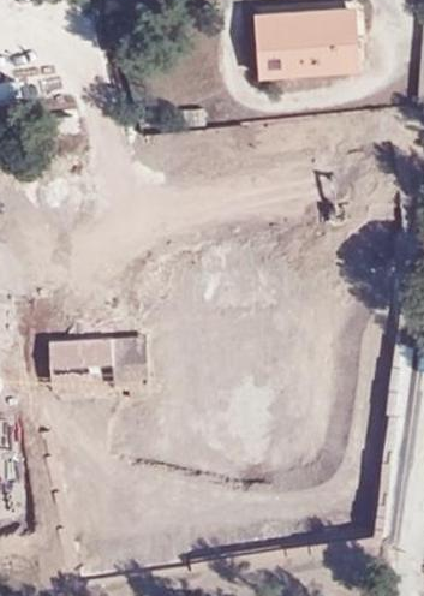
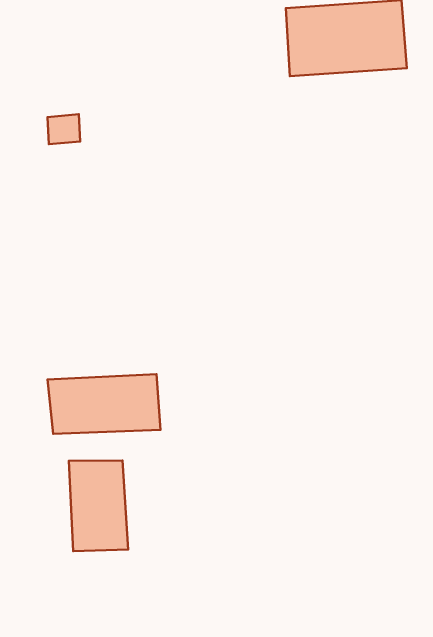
building: none -> [69,460,128,551]

